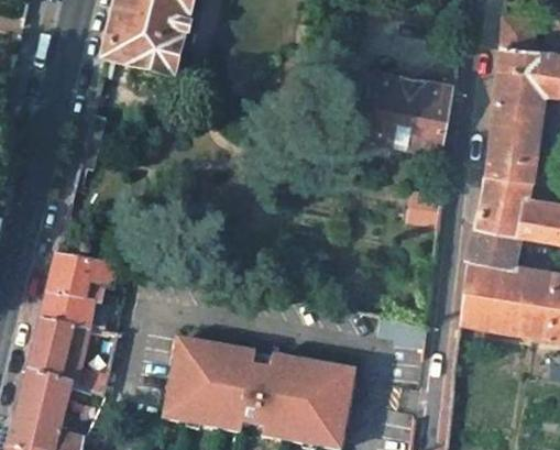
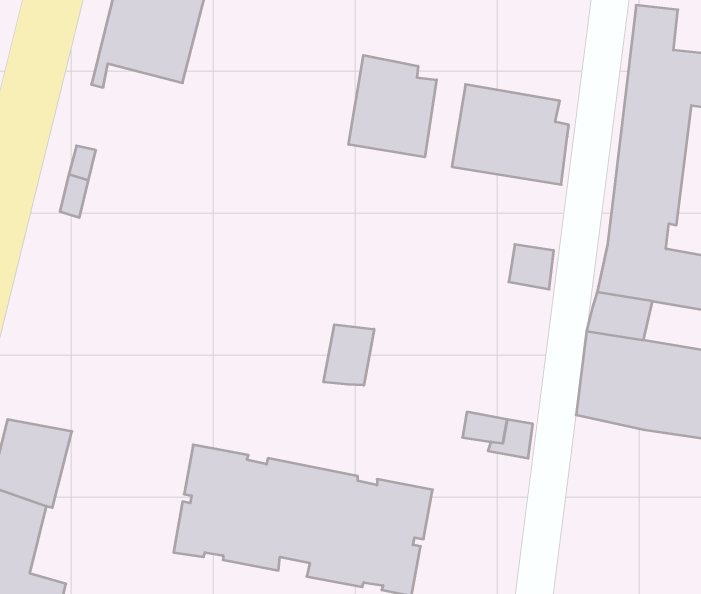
building: none -> [349,55,437,157]
building: none -> [324,325,374,385]
building: [42,254,118,329] -> none

